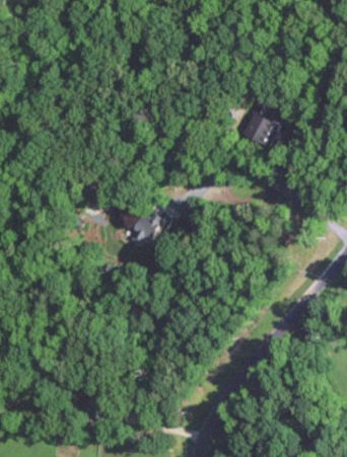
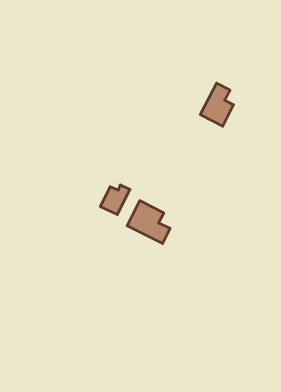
building: none -> [127,201,170,244]

